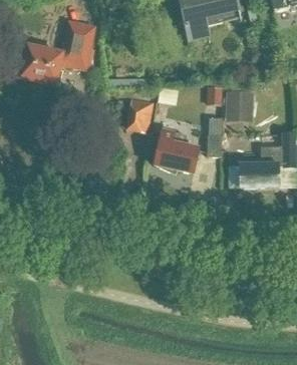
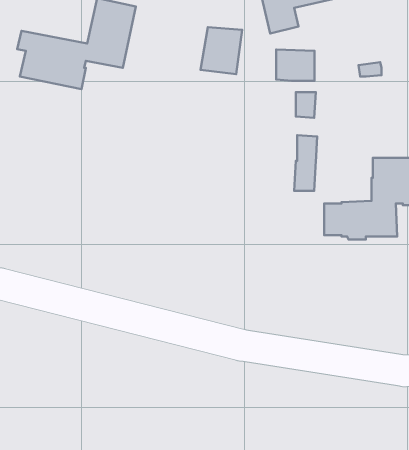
building: [226,90,253,112] -> [276,49,315,81]
building: [124,97,154,130] -> [201,27,242,74]
building: [154,128,199,172] -> none

